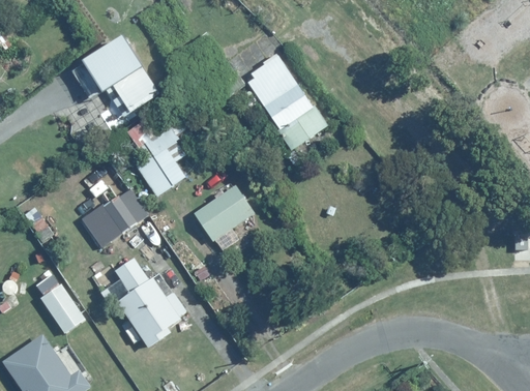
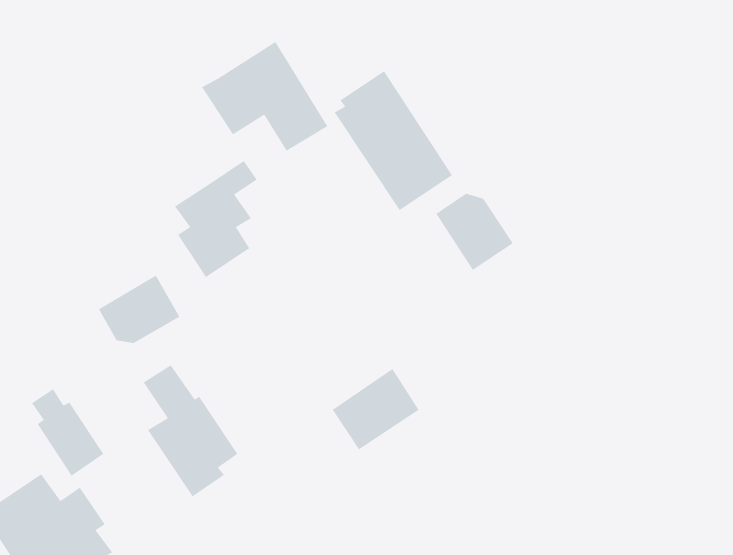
building: [69,34,157,111] -> [201,41,328,151]
building: none -> [435,193,514,271]
building: [194,184,255,241] -> [332,368,420,450]

